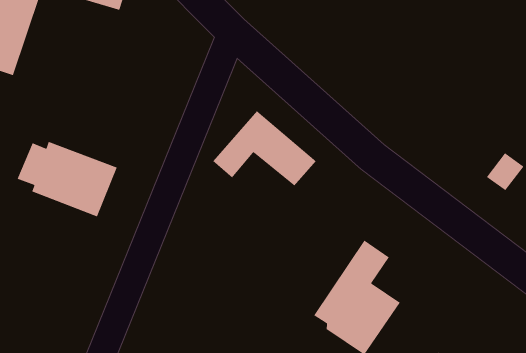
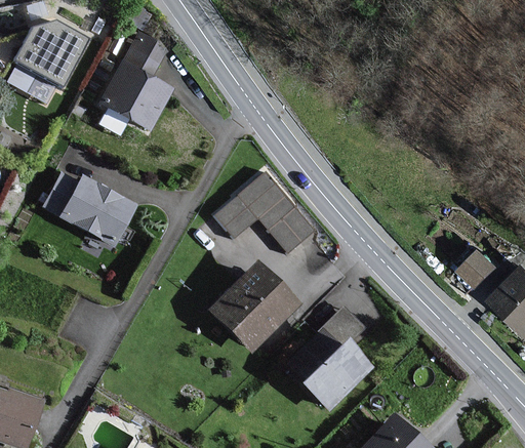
building: none -> [97,62,175,131]
building: none -> [212,262,297,347]

